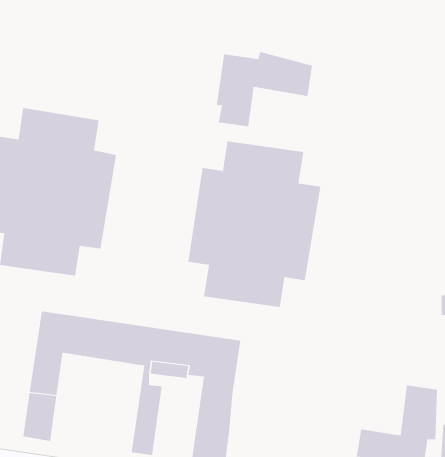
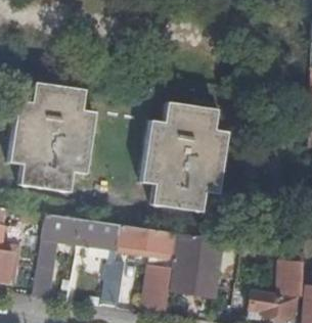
building: [216,51,313,127] -> none
building: none -> [171,233,242,296]

